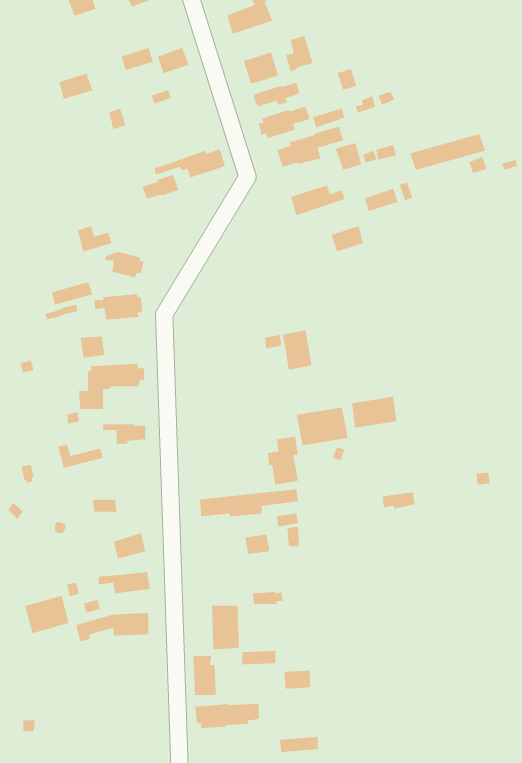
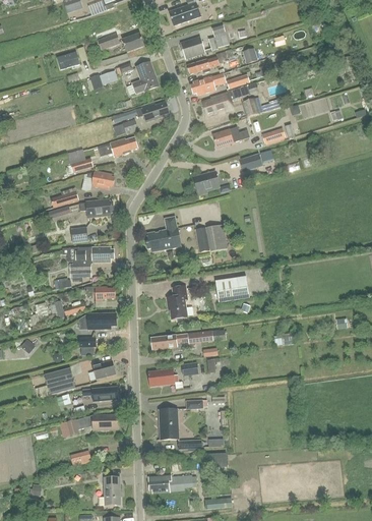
building: none -> [126,61,159,94]
building: none -> [97,135,137,156]
building: none -> [193,171,219,194]
building: none -> [144,215,181,250]
building: [351,396,397,429] -> none
building: [267,436,299,486] -> [166,285,187,319]
building: none -> [87,312,116,329]
building: none -> [147,367,175,387]
building: [24,595,70,634] -> [44,367,74,394]
building: [193,655,217,696] -> [104,476,120,504]

